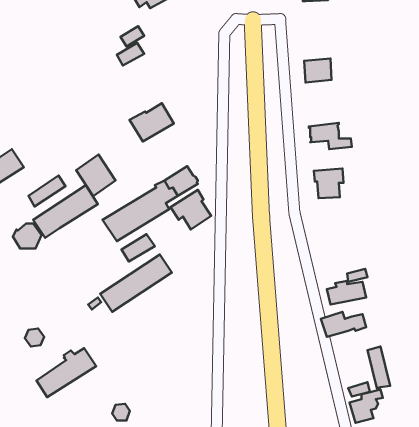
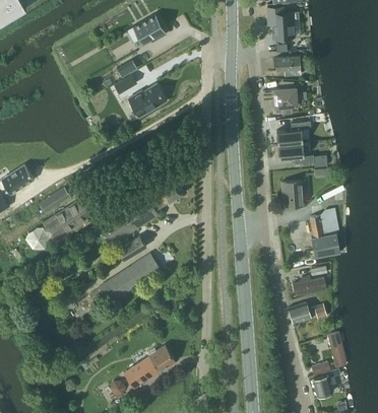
building: none -> [275,58,301,77]
building: none -> [276,122,311,146]
building: [130,103,174,141] -> [128,85,166,118]
building: [76,154,116,196] -> none
building: [171,190,211,229] -> none
building: none -> [309,210,339,258]
building: [36,348,96,397] -> [124,347,175,389]

